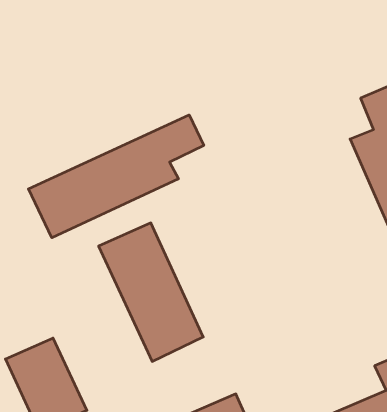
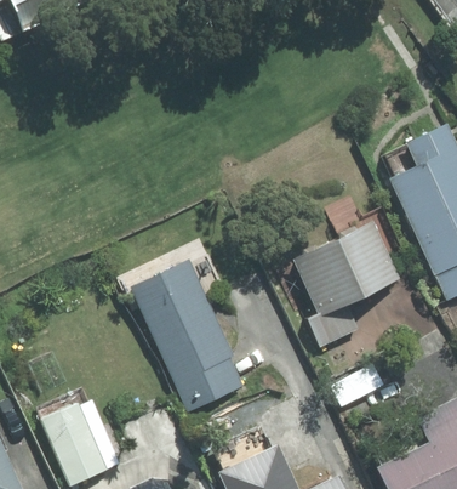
building: [28,115,204,238] -> none
building: none -> [295,218,402,347]

